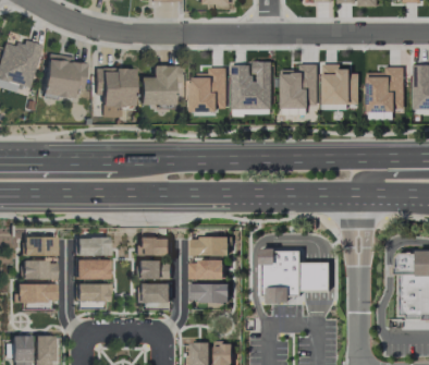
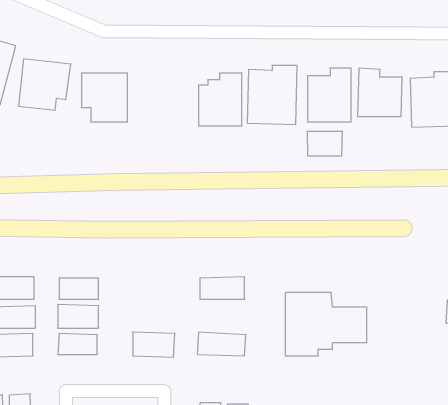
building: [139,65,181,107] -> none
building: none -> [307,131,342,156]
building: [135,238,171,255] -> none
building: [189,259,225,279] -> none
building: [137,260,172,279] -> none

